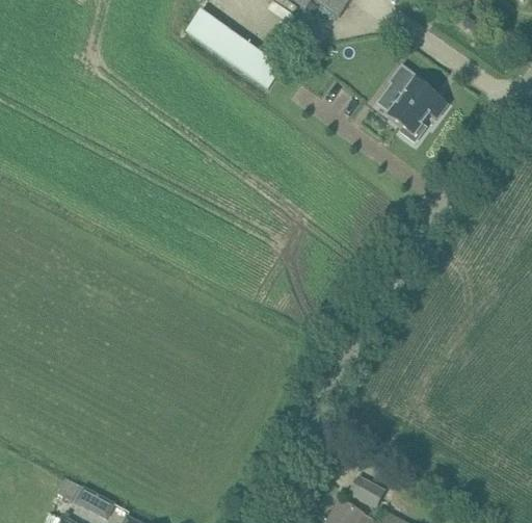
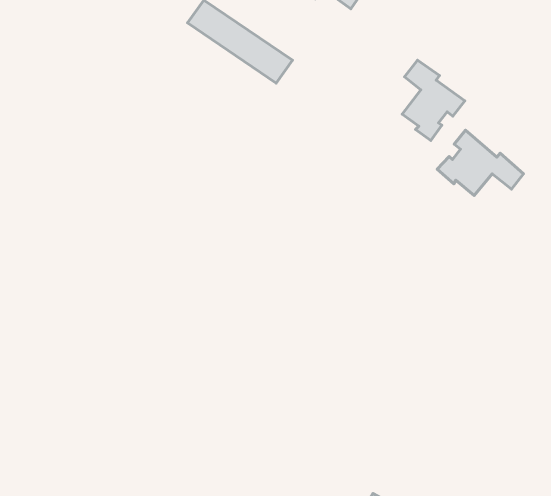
building: none -> [437,130,524,196]

